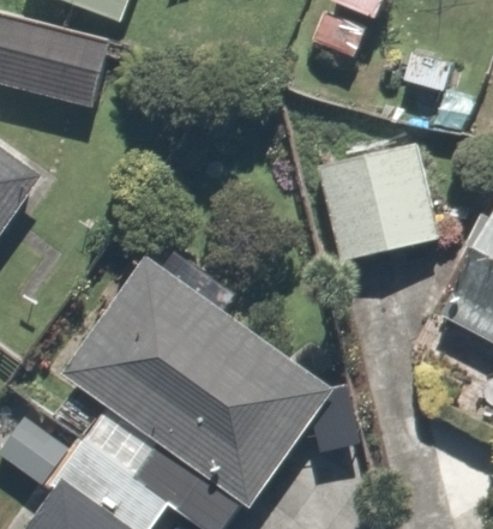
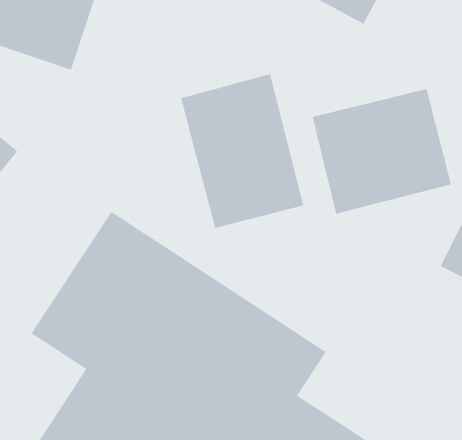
building: none -> [180,73,304,229]

